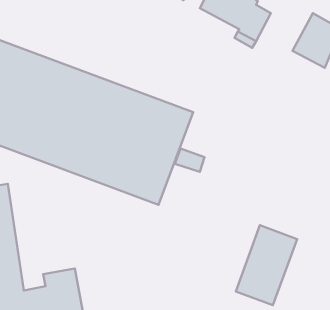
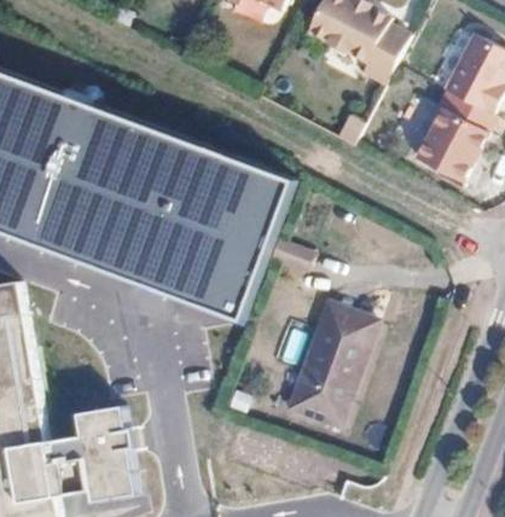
building: none -> [417,108,489,182]
building: [236,225,297,305] -> [280,306,372,425]

